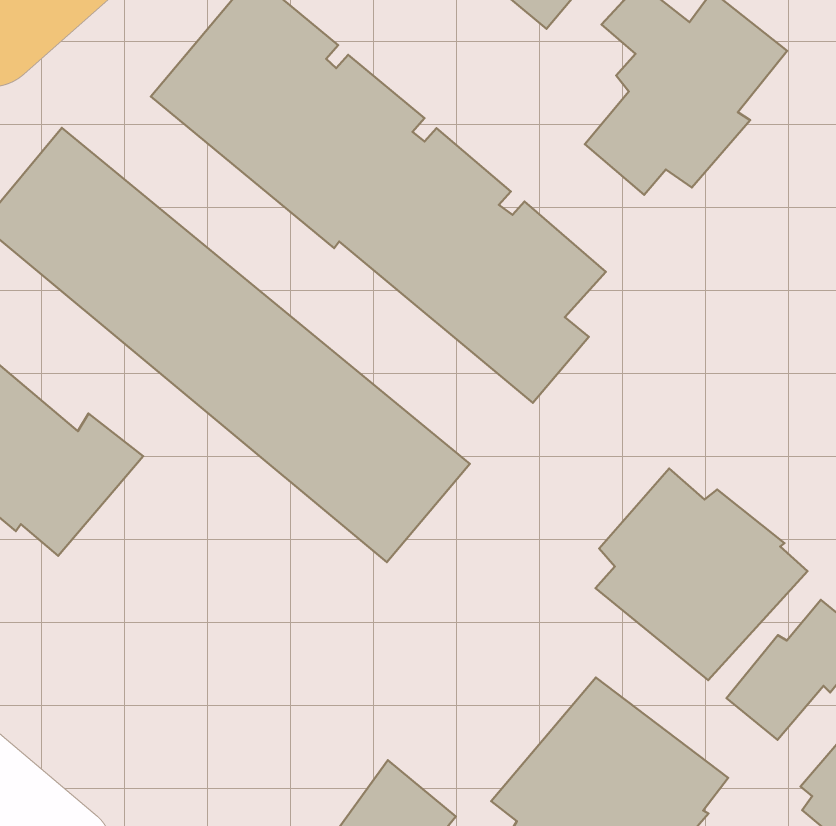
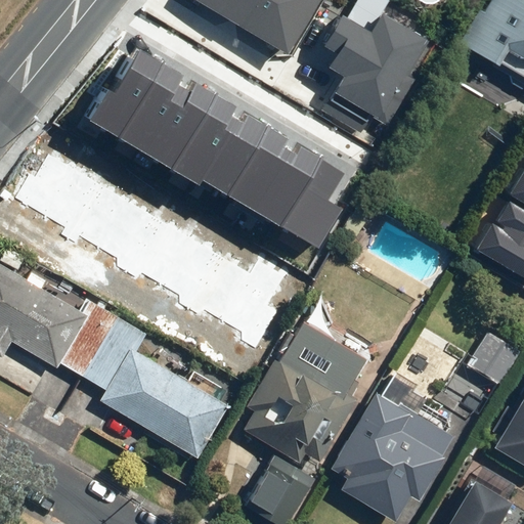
building: none -> [83,314,231,454]
building: [596,468,808,680] -> none
building: none -> [247,319,368,468]

